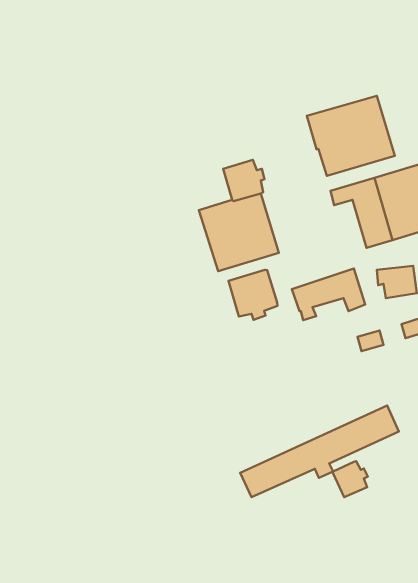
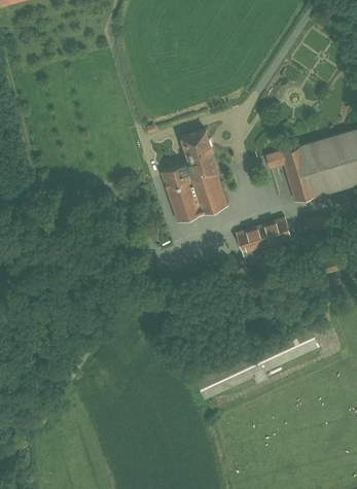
building: [307,96,395,176] -> none
building: [228,270,277,320] -> none
building: [333,461,368,497] -> none

